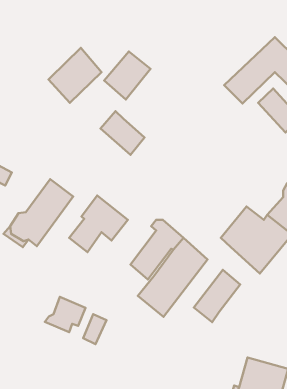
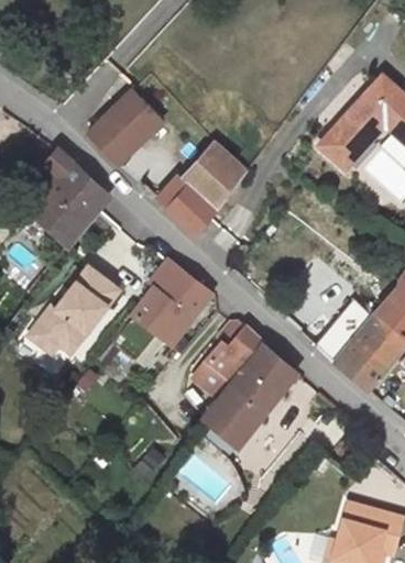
building: [104,52,151,100] -> [185,146,247,210]
building: none -> [30,150,107,246]
building: none -> [145,260,210,319]
building: [194,270,240,322] -> none
building: [45,297,86,332] -> none

